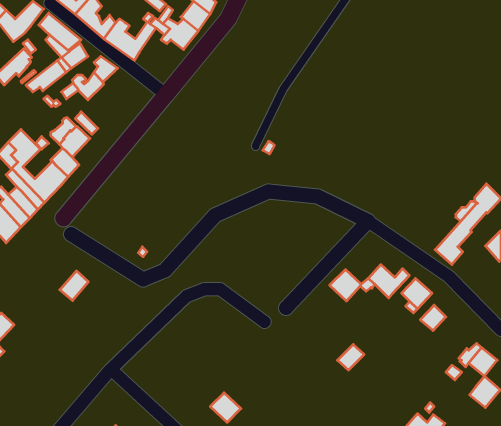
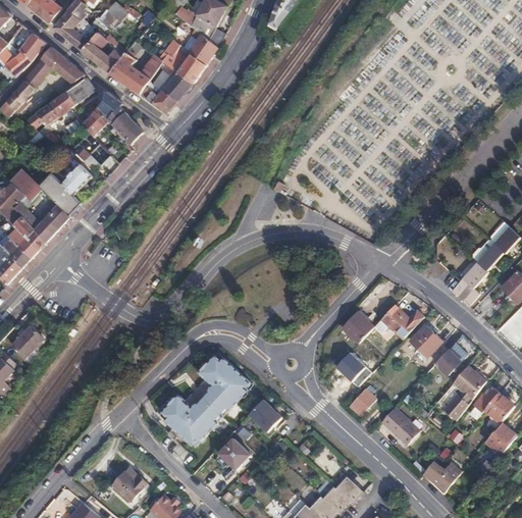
building: none -> [140,70,191,113]
building: none -> [107,106,148,145]
building: [60,271,88,301] -> [13,323,43,354]
building: none -> [333,352,364,381]
building: none -> [161,354,250,444]
building: none -> [443,365,485,421]
building: none -> [247,399,279,431]
building: none -> [381,407,420,445]

